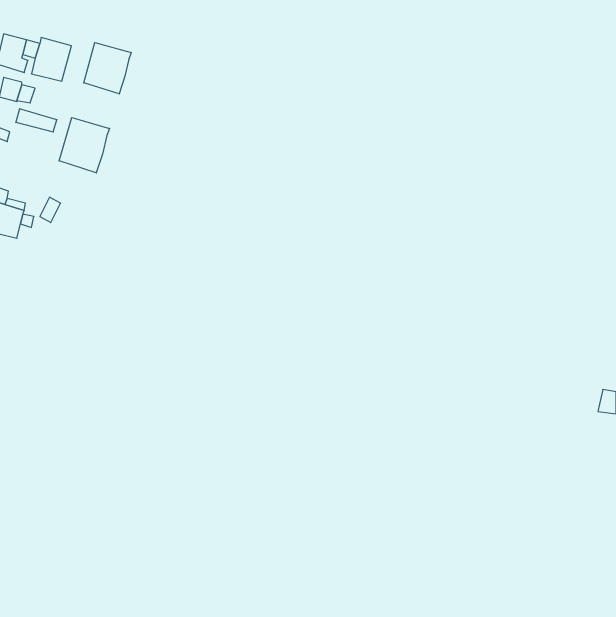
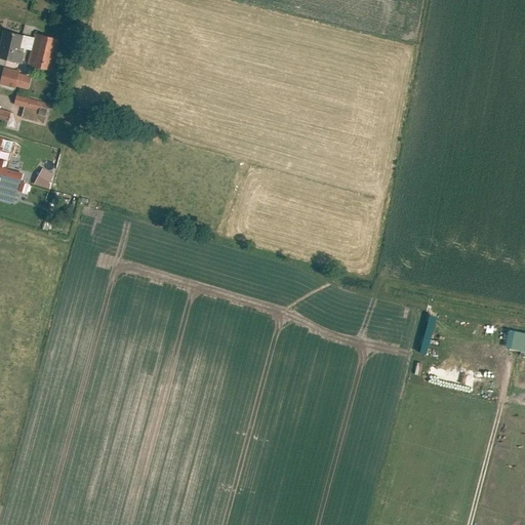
building: [84,43,131,94] -> none
building: [59,118,110,173] -> none

